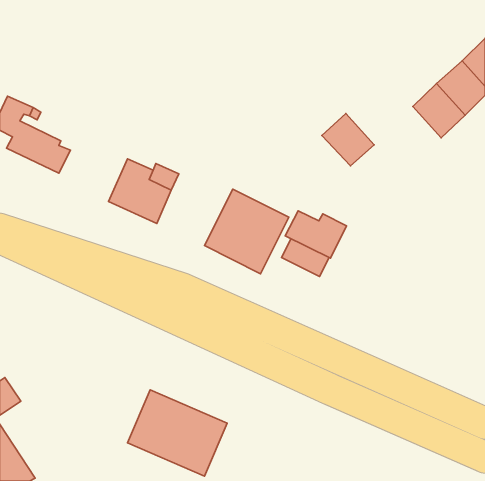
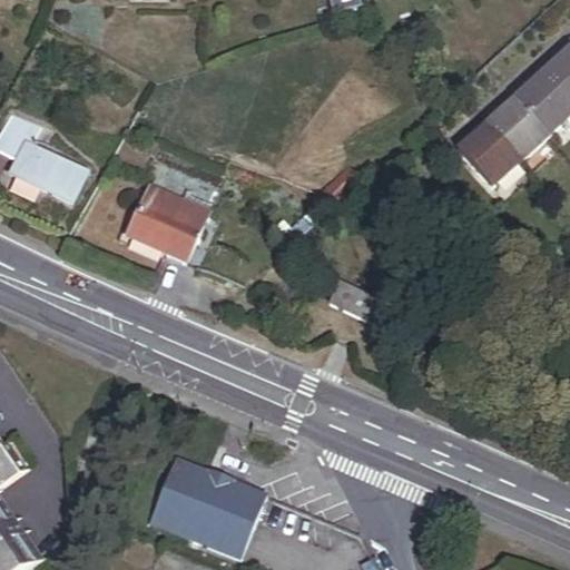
building: [322,113,374,166] -> [455,125,517,186]
building: [204,189,289,274] -> none
building: [285,211,347,258] -> none

